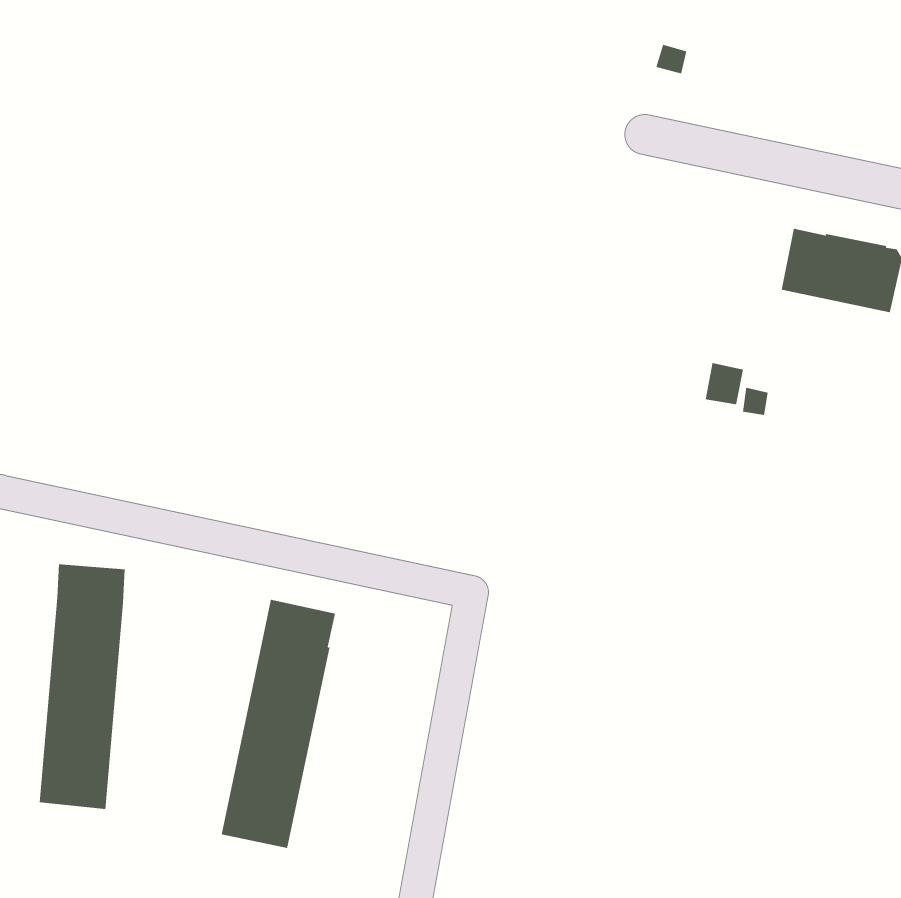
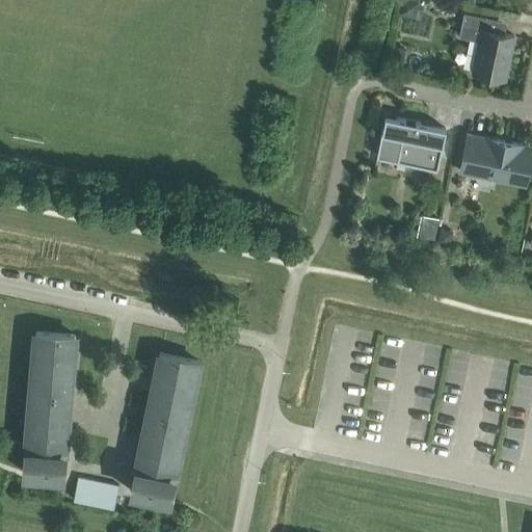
building: none -> [459,16,514,82]
building: none -> [377,118,446,172]
building: none -> [74,479,118,510]

